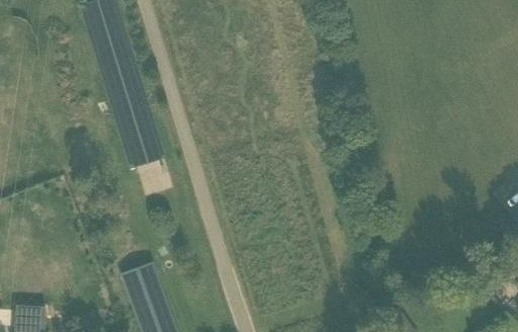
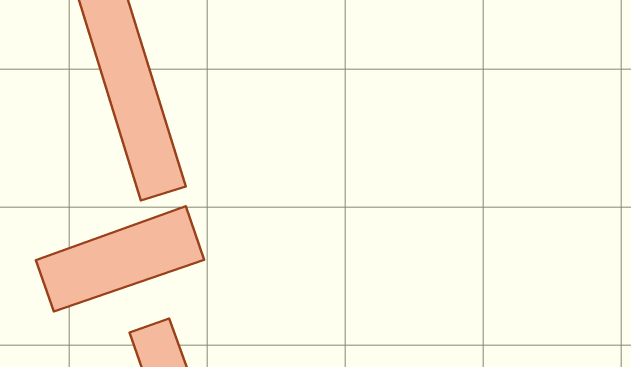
building: none -> [36,206,204,312]

